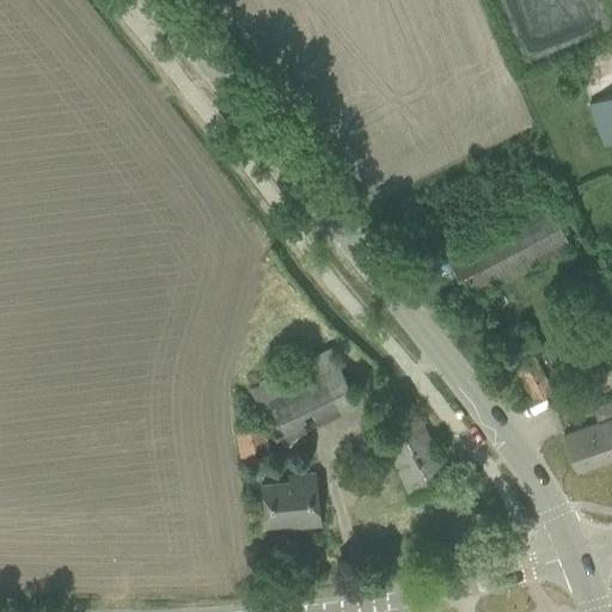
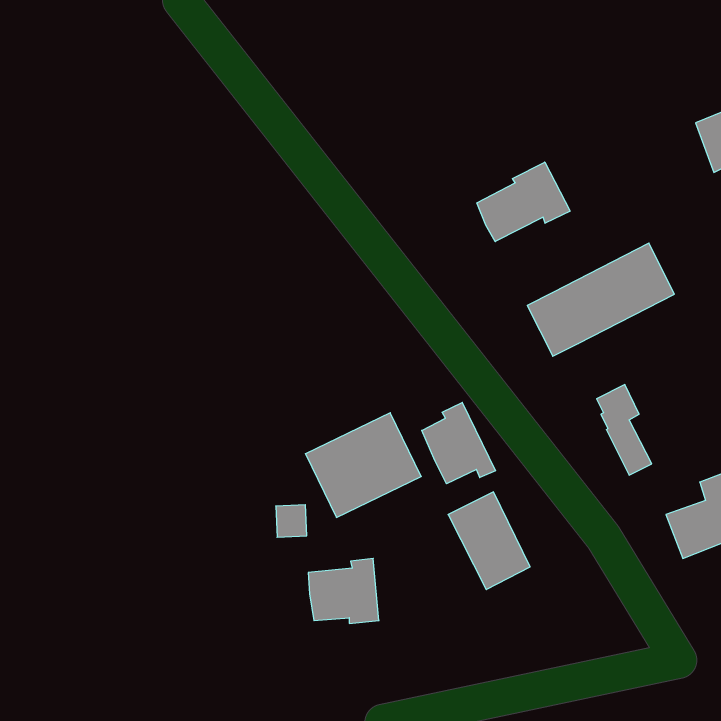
building: none -> [477,162,570,242]
building: none -> [422,402,495,484]

